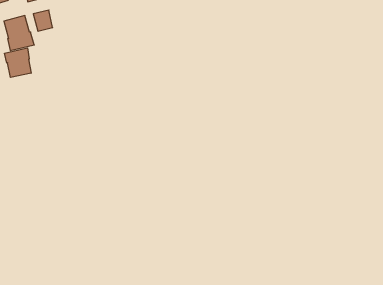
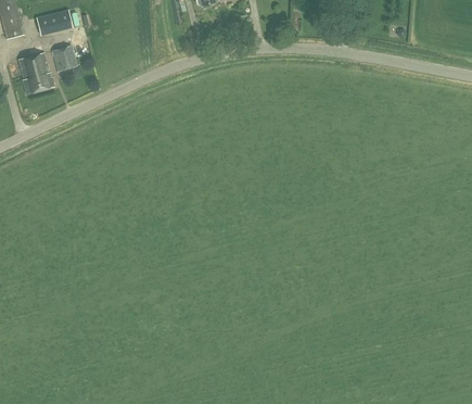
building: [5,48,31,77] -> none

